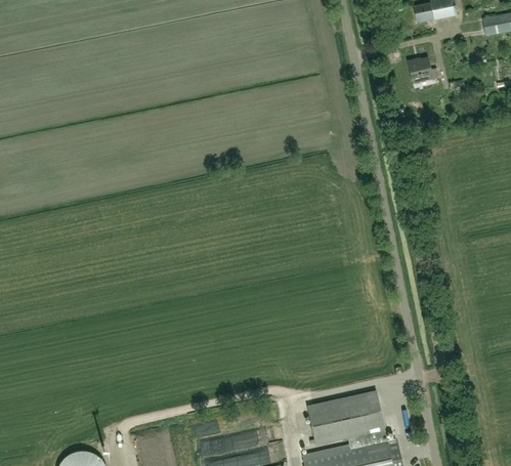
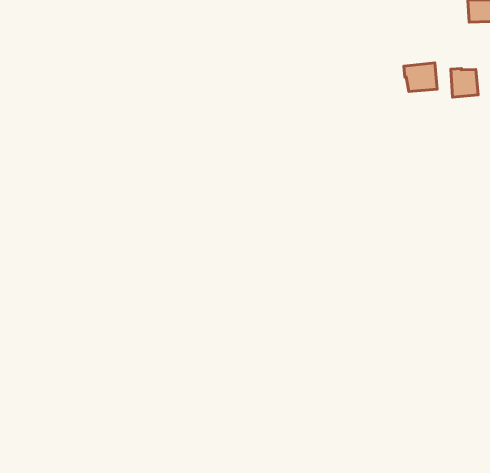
building: none -> [404,63,437,92]

